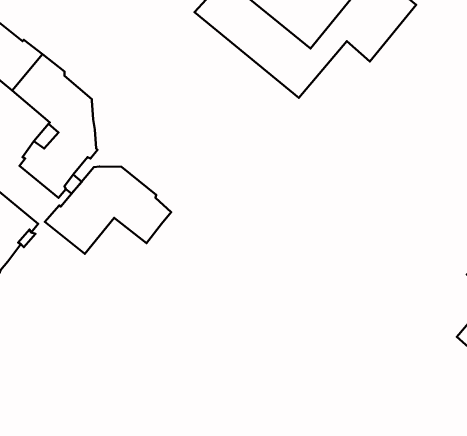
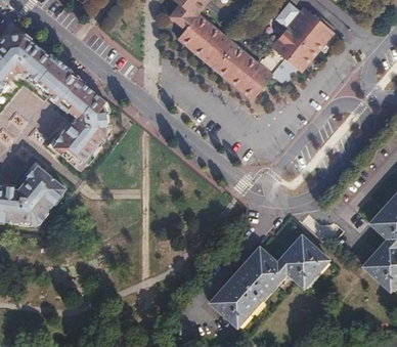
building: [45,167,171,254] -> none
building: none -> [209,234,328,324]

